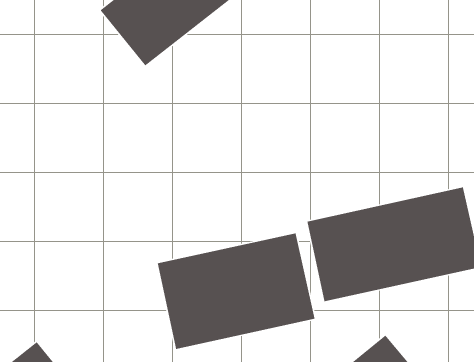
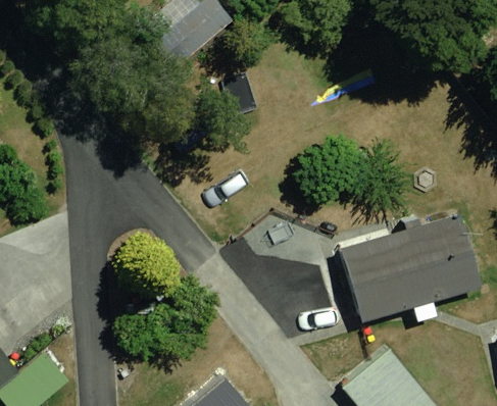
building: [157,233,315,350] -> none

